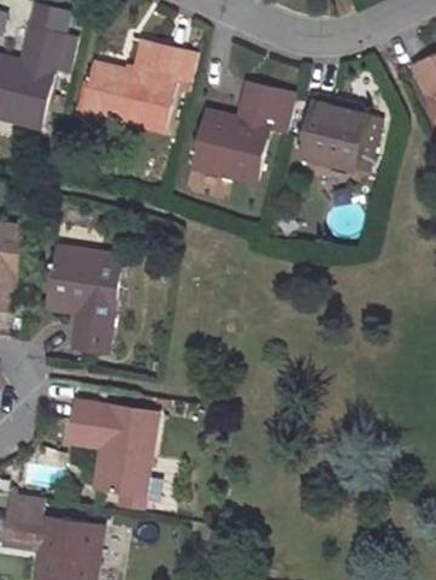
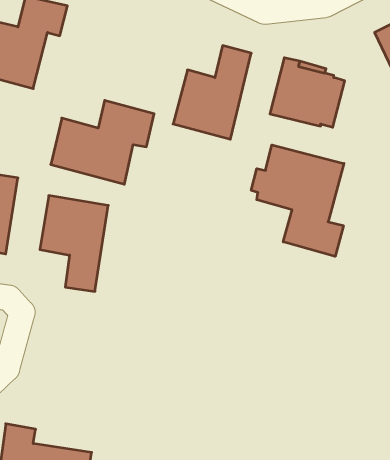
building: [83,41,196,132] -> [51,100,154,184]
building: none -> [251,145,344,256]
building: [69,398,158,508] -> none

